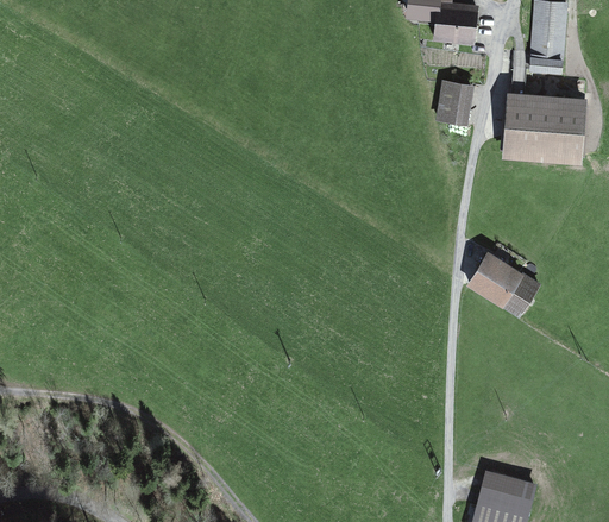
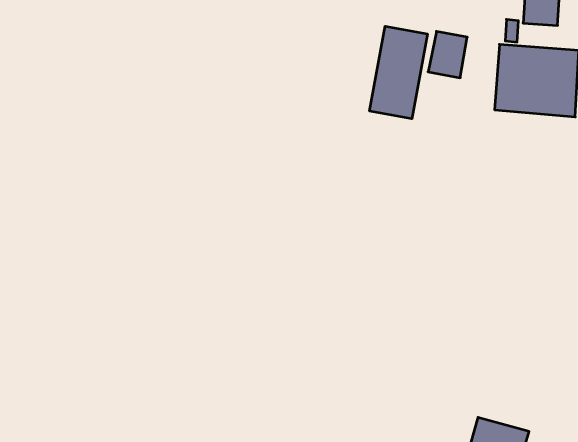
building: none -> [370,26,427,119]
building: [464,246,539,315] -> none

